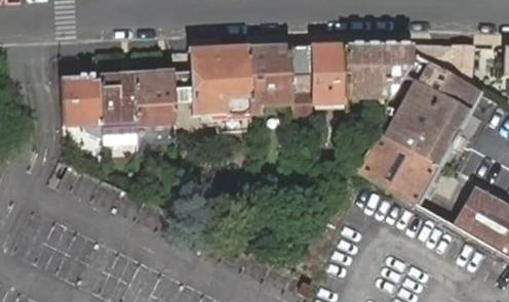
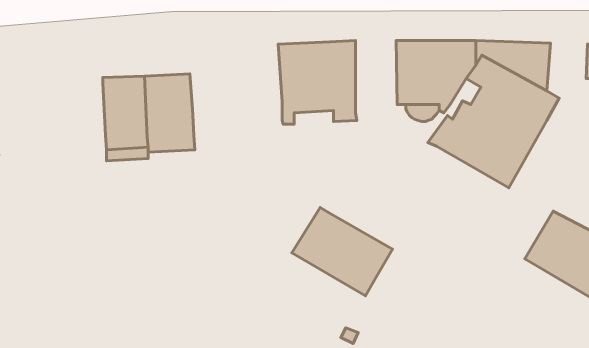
building: [312,43,347,107] -> none
building: [173,46,250,114] -> none
building: [62,73,103,124] -> none
building: [356,131,440,205] -> [292,207,392,296]

